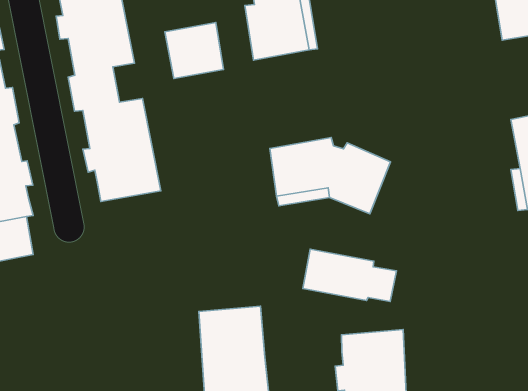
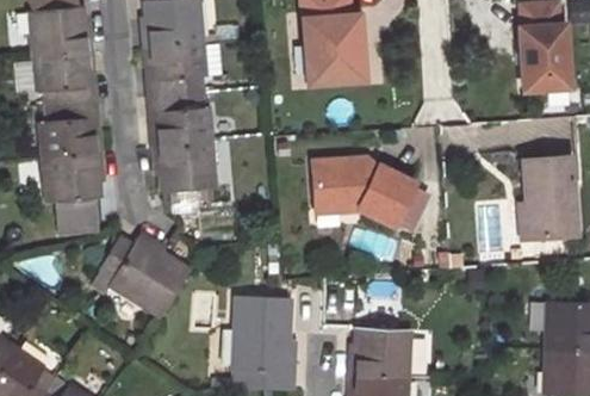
building: [165,23,224,78] -> none
building: [303,249,396,302] -> none
building: none -> [101,235,193,316]

